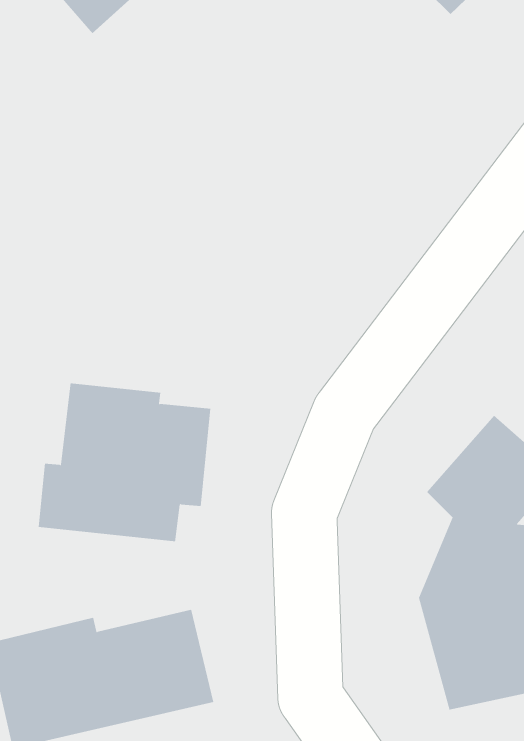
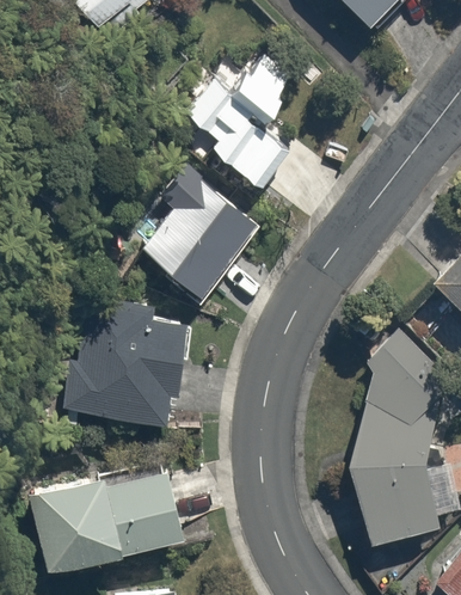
building: none -> [198,59,296,195]
building: none -> [142,168,259,299]

